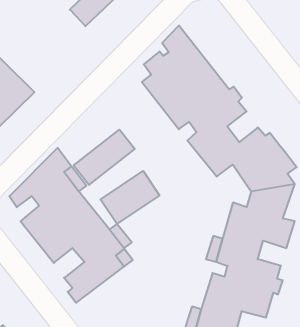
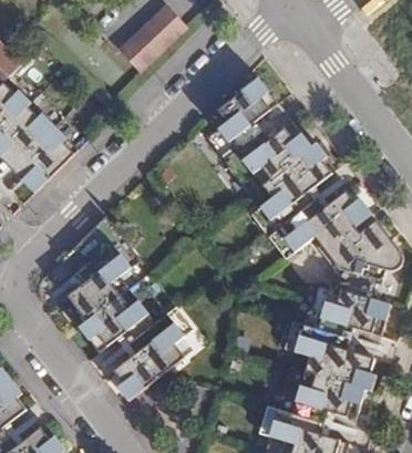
building: [74,130,135,185] -> none
building: [100,171,159,224] -> none

